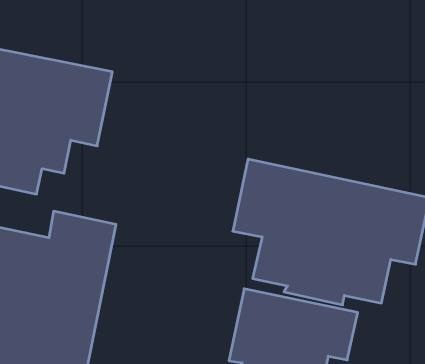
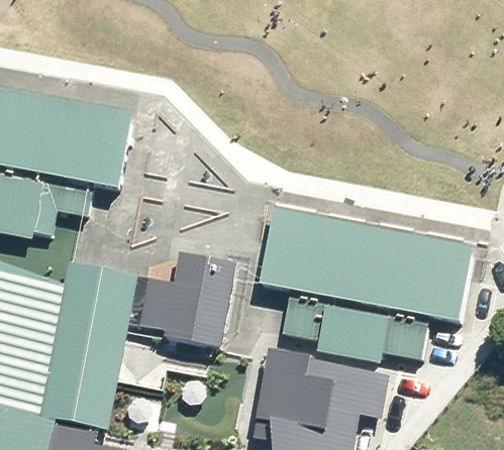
building: none -> [138,255,239,352]

